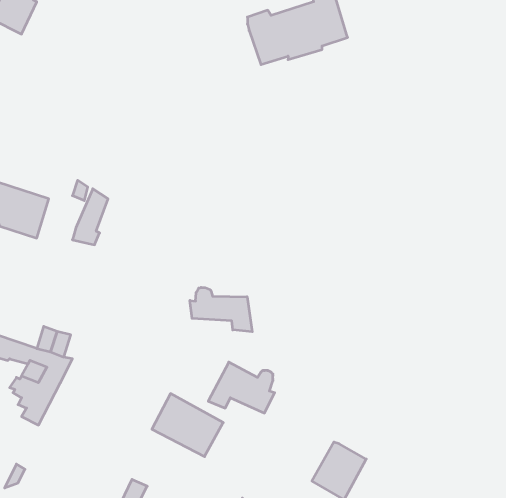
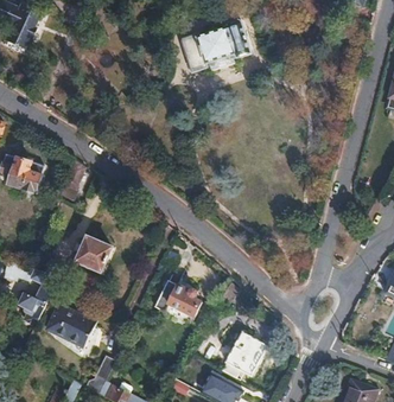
building: [190,287,252,332] -> none
building: none -> [76,237,110,272]
building: [152,394,223,457] -> [46,305,96,349]

